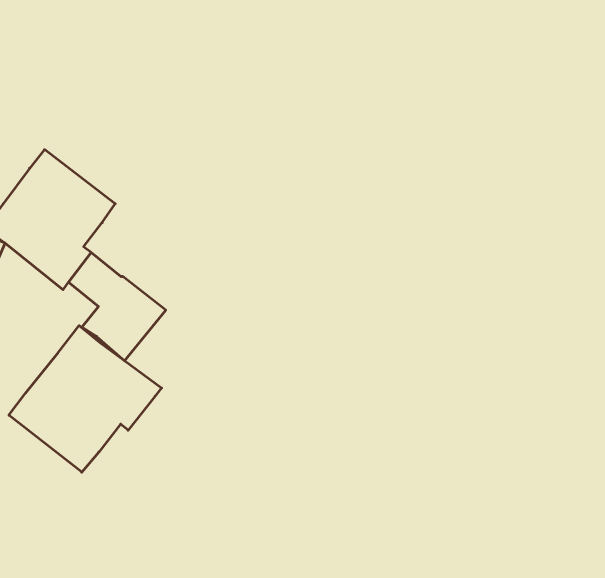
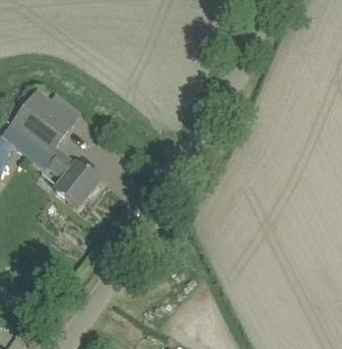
building: [9,326,162,472] -> none

